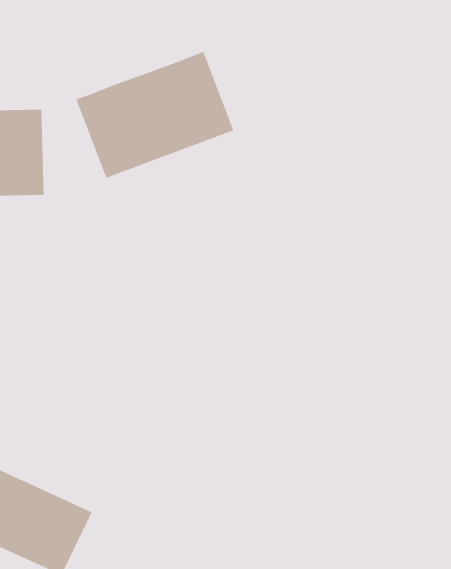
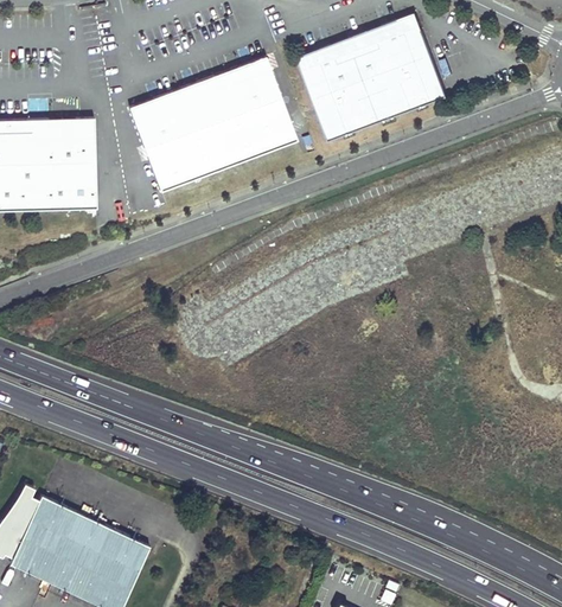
building: none -> [298,12,448,141]

